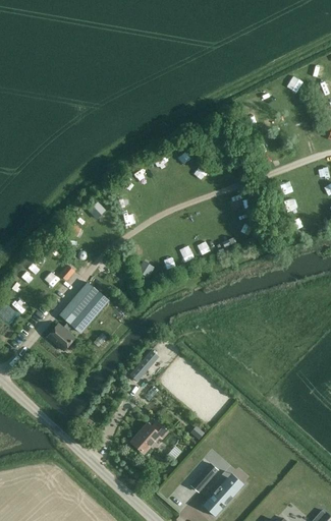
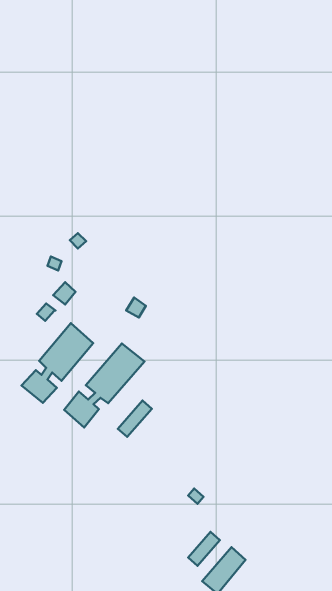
building: none -> [64,343,144,427]
building: [129,419,169,454] -> none

